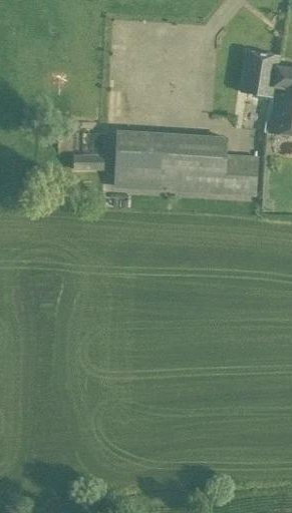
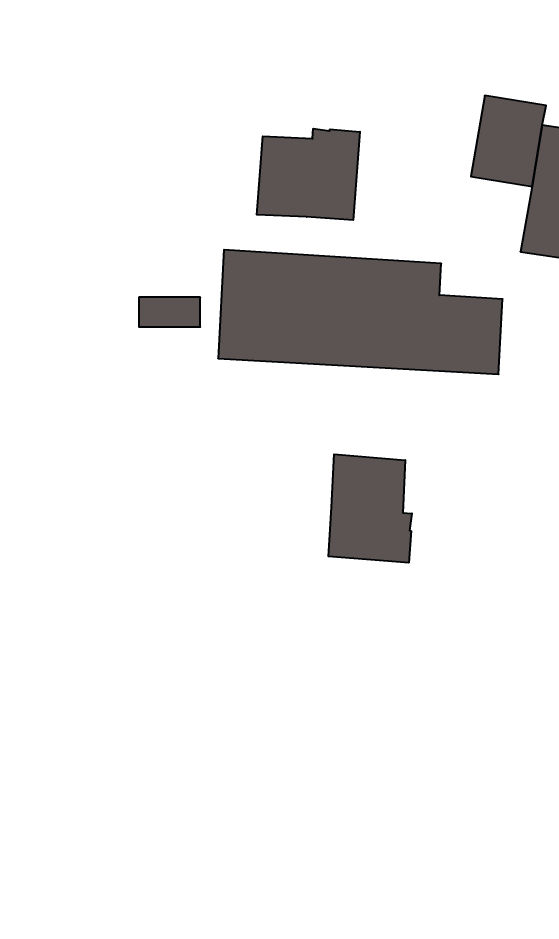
building: none -> [257,129,360,220]
building: none -> [328,454,412,563]

